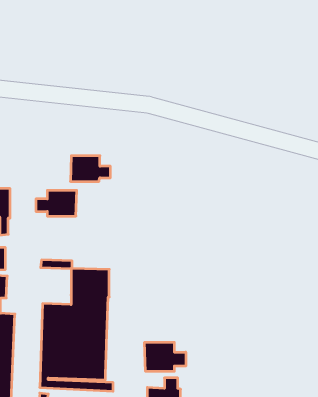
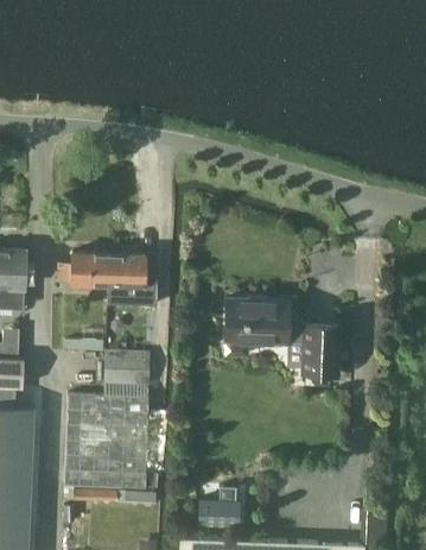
building: [70,156,110,181] -> [109,254,159,286]
building: none -> [225,298,339,375]
building: [145,342,186,371] -> none

